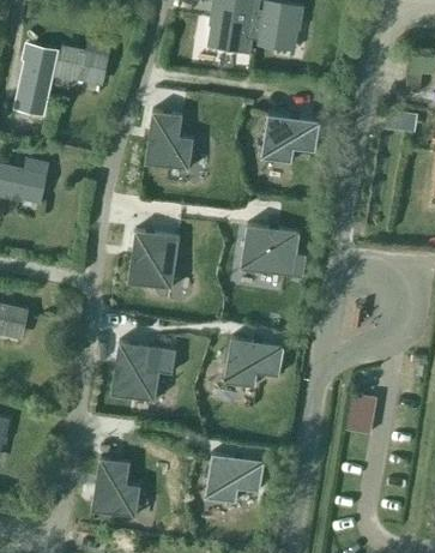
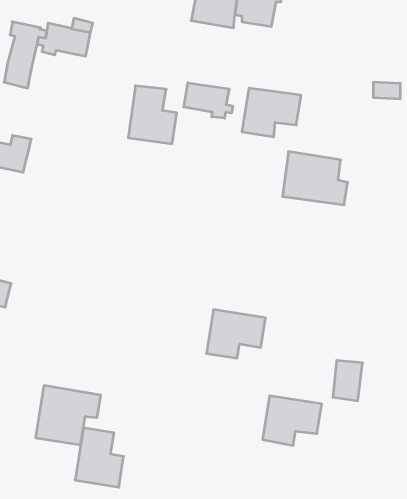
building: none -> [184,83,233,118]
building: [241,223,307,277] -> [283,152,348,205]
building: [127,229,180,289] -> none
building: [110,341,176,401] -> [36,386,101,445]
building: [205,452,265,503] -> [263,396,322,445]

